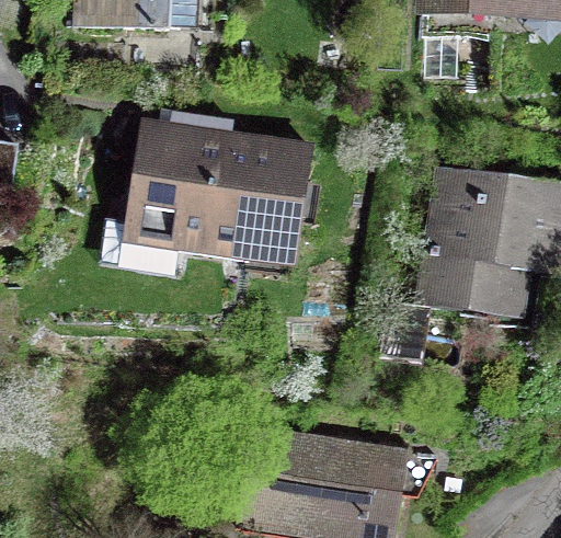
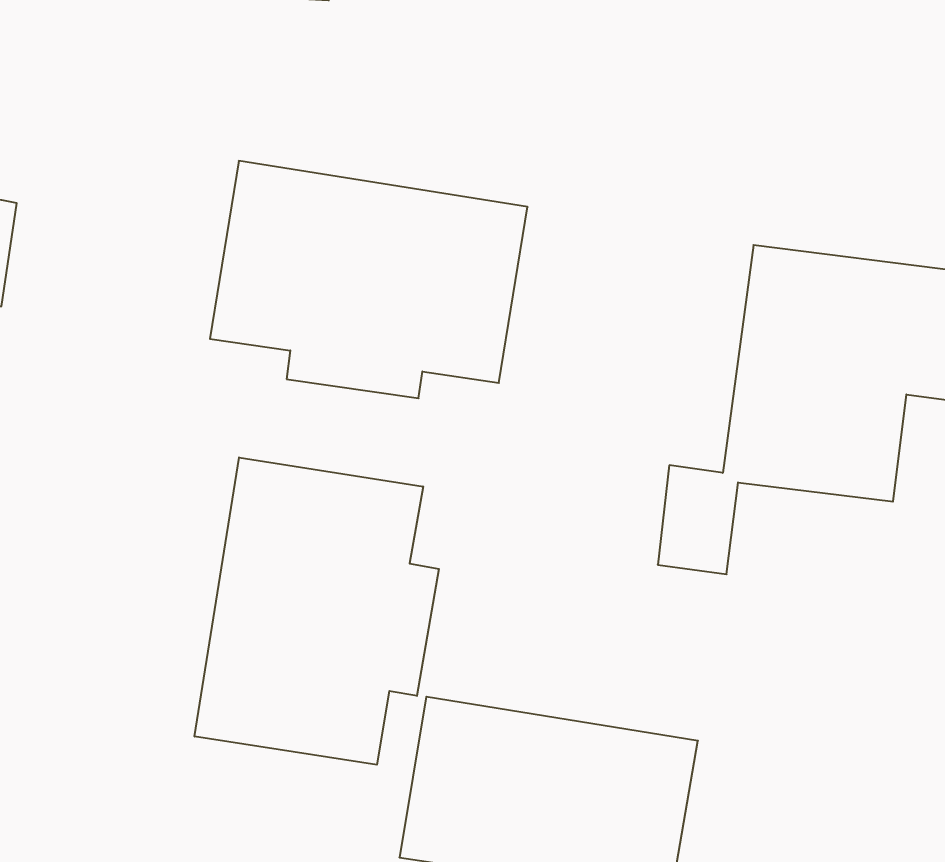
building: none -> [195,457,439,765]

